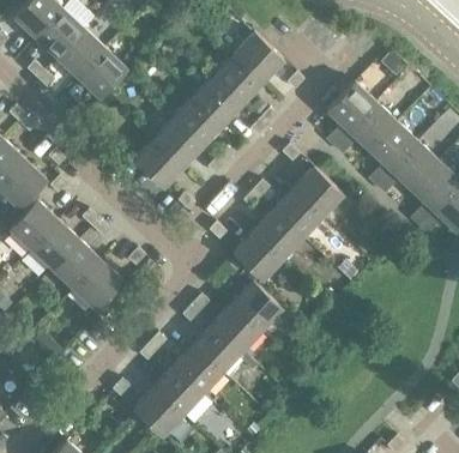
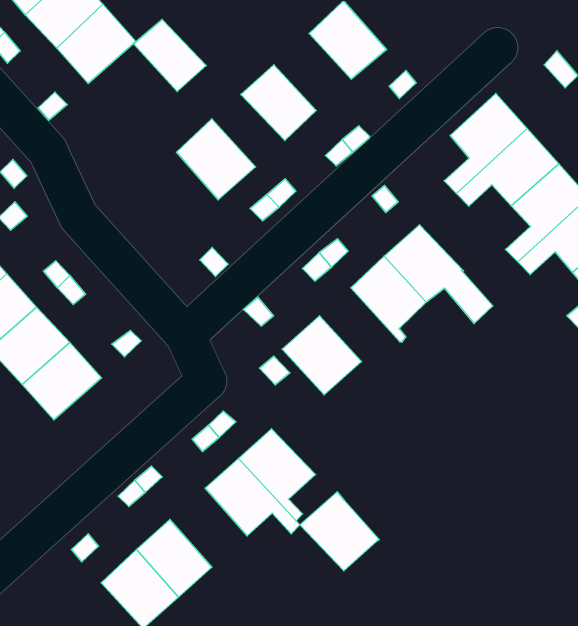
building: [213,54,262,102] -> none
building: [177,96,224,140] -> [133,19,206,92]
building: [134,135,186,187] -> none
building: [255,211,307,256] -> none
building: [231,280,282,330] -> [300,492,379,571]
building: [173,344,222,393] -> none

